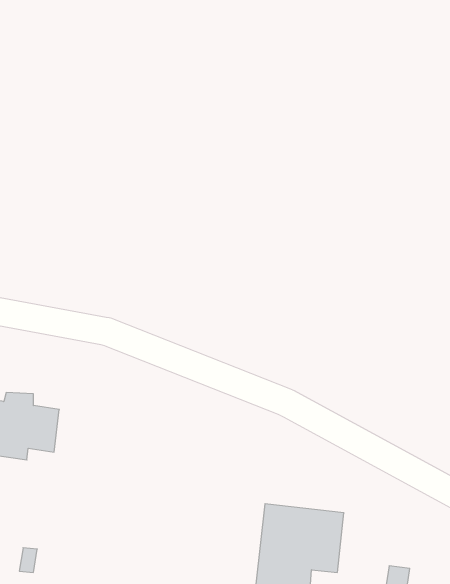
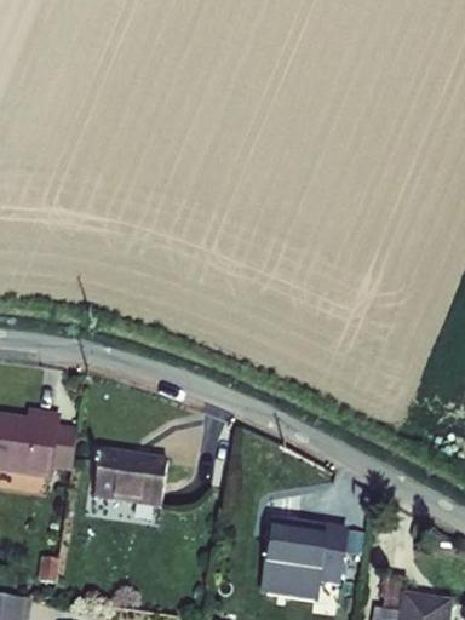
building: none -> [92,450,167,506]

